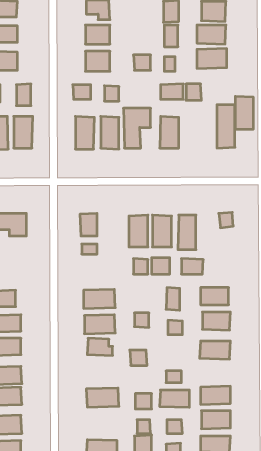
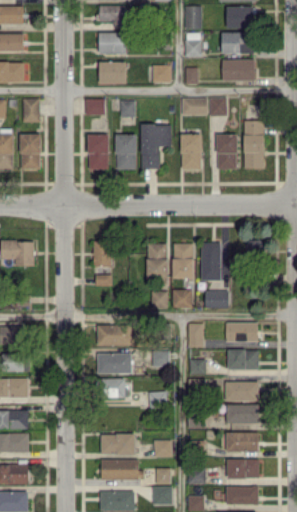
building: [235,96,253,129] -> [217,134,237,170]
building: [160,390,189,407] -> [226,405,259,424]
building: none -> [101,460,141,480]

